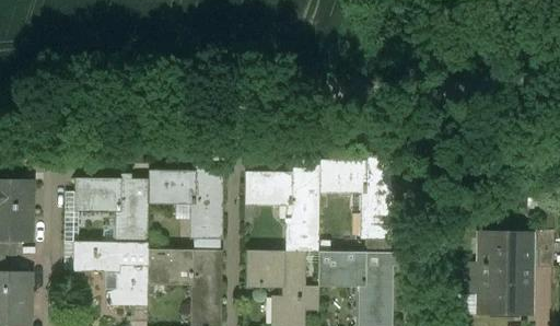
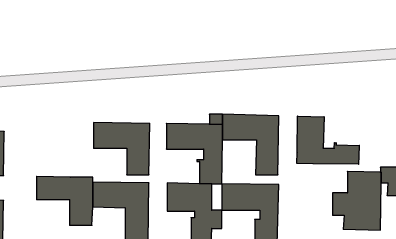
building: none -> [297,116,359,164]
building: [73,177,148,242] -> none

